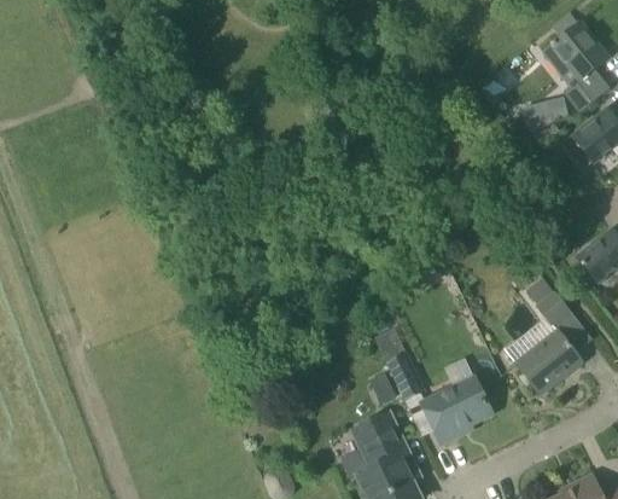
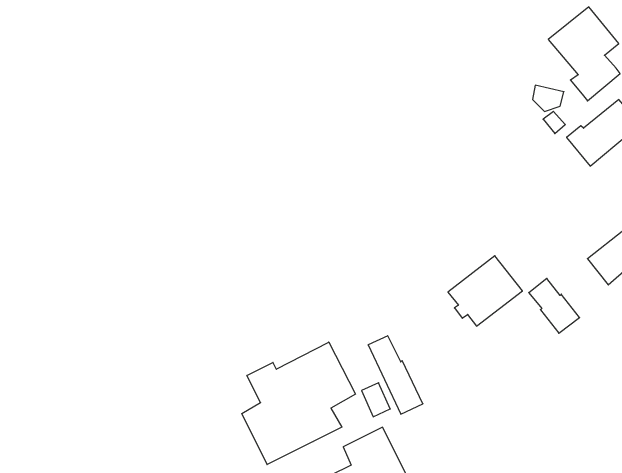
building: [513,329,582,394] -> [448,256,522,326]
building: none -> [242,342,355,465]
building: [421,376,491,443] -> none

